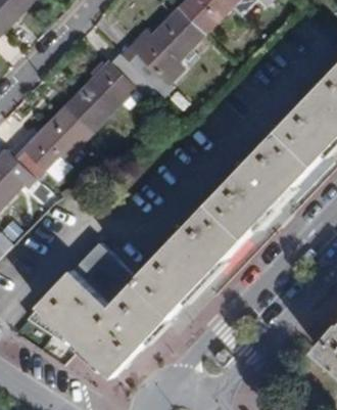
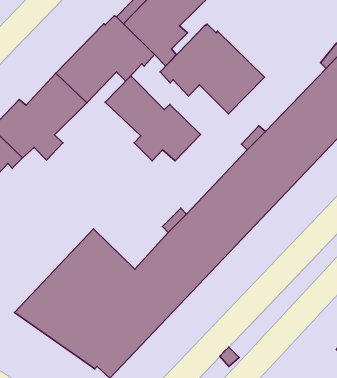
building: none -> [160,24,265,114]
building: none -> [105,76,201,161]

